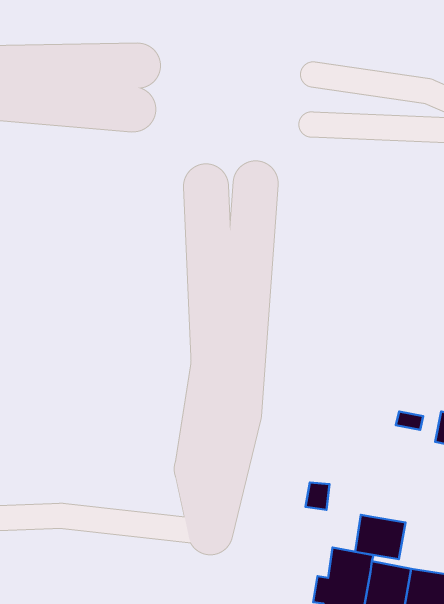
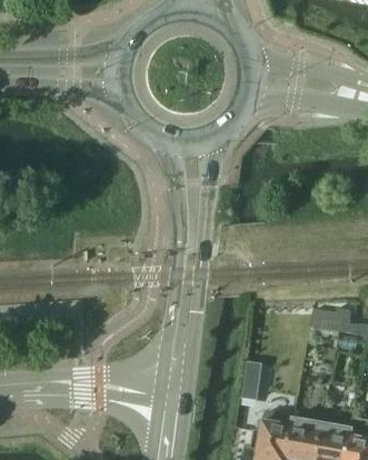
building: [355,515,406,559] -> none

